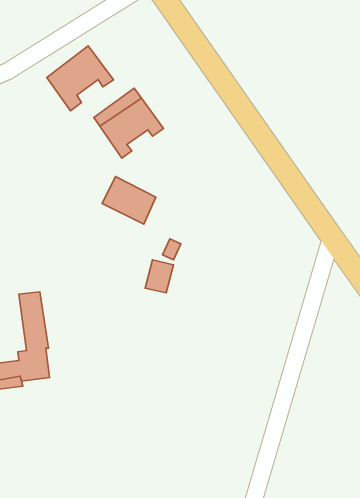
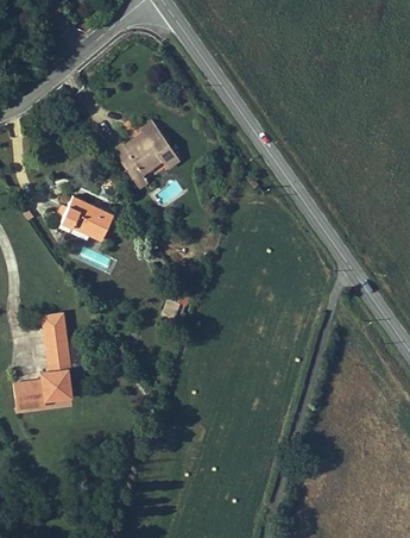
building: [47,46,113,111] -> none
building: [102,176,156,224] -> [62,196,114,243]

